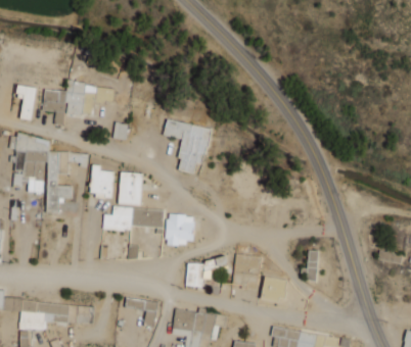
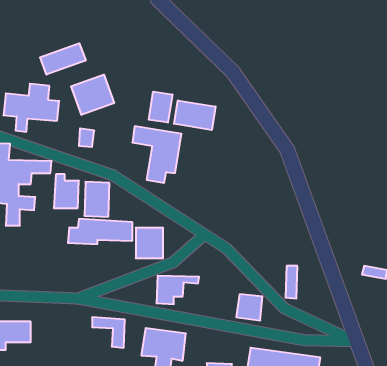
building: none -> [40,43,86,75]
building: none -> [71,75,114,115]
building: none -> [149,92,172,123]
building: none -> [174,100,216,130]
building: [233,254,260,289] -> none

